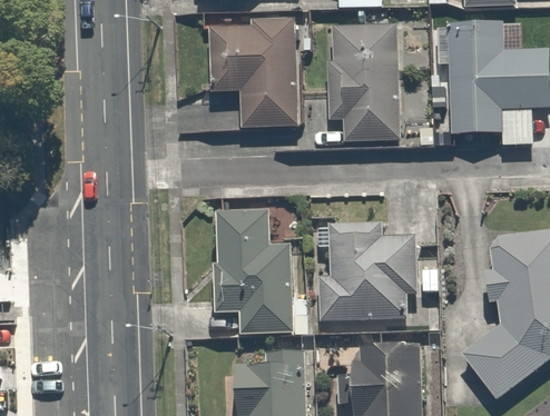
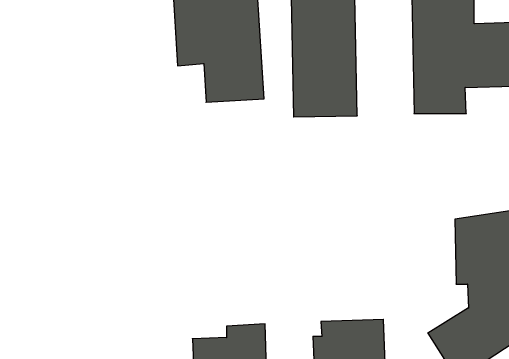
building: [218,207,295,334] -> none
building: [321,221,415,319] -> none

